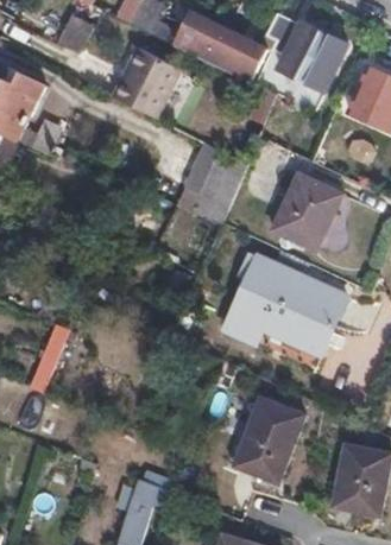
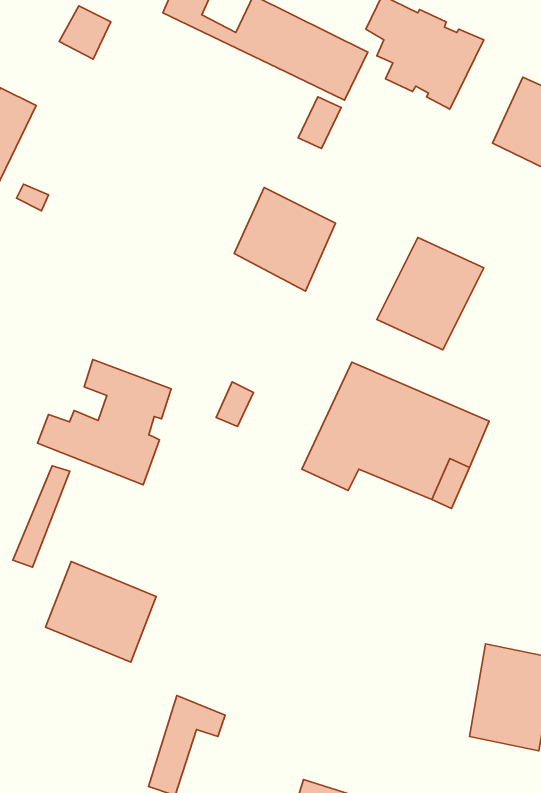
building: [112,46,179,118] -> none
building: none -> [37,360,171,485]
building: none -> [46,562,156,662]
building: [234,397,304,481] -> none

